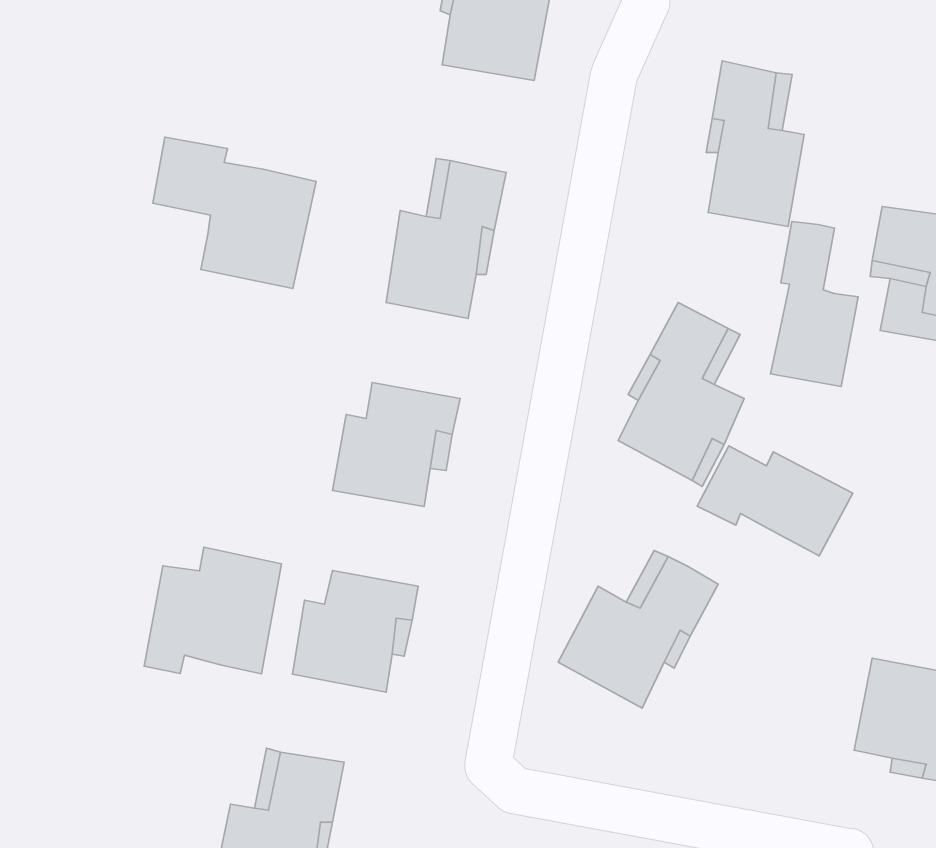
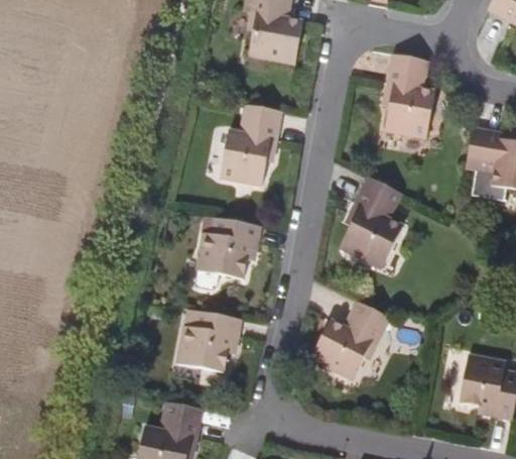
building: [153,137,316,288] -> none
building: [770,221,858,386] -> none
building: [697,446,853,556] -> none
building: [144,547,281,674] -> none

